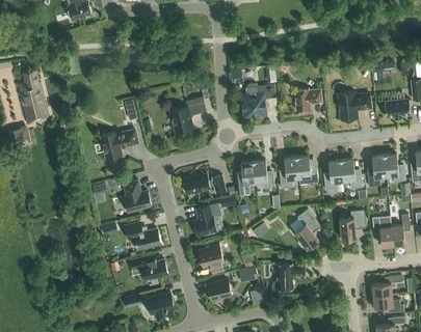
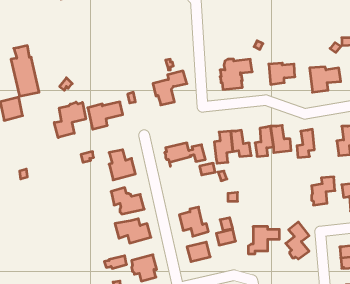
building: none -> [54,102,86,138]
building: [341,158,363,189] -> none
building: [193,202,221,236] -> none
building: [294,209,319,248] -> [286,222,309,259]

